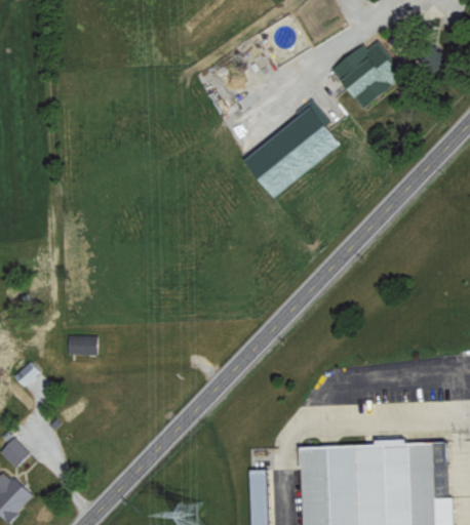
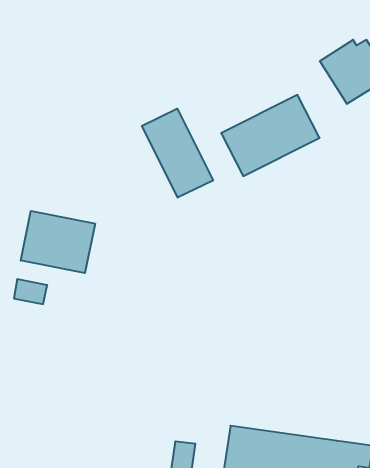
building: none -> [142,109,213,198]
building: none -> [21,211,95,273]

